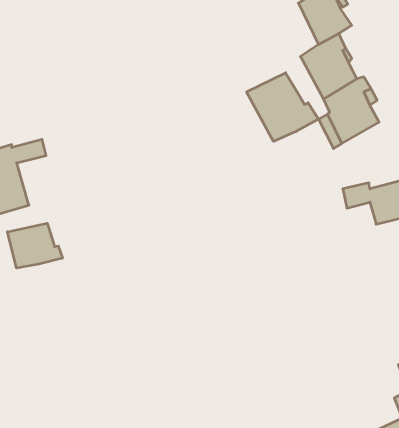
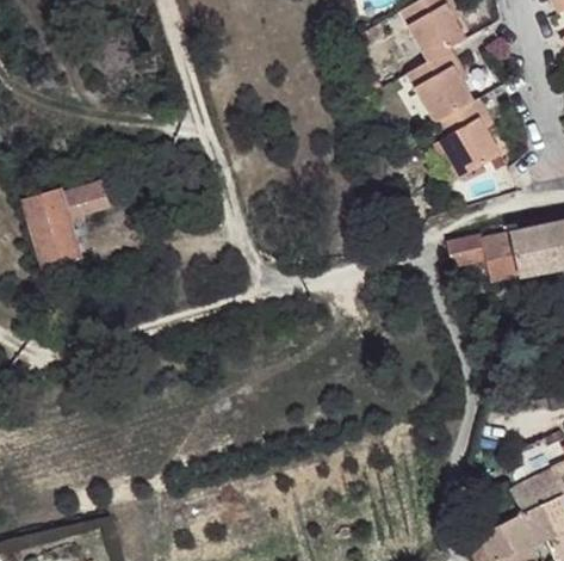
building: [247,73,319,141] -> none
building: [7,223,62,268] -> none

